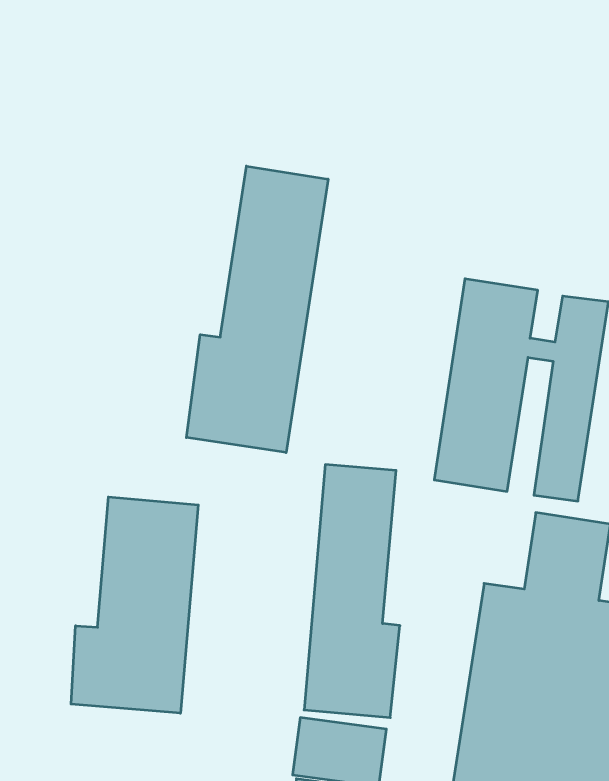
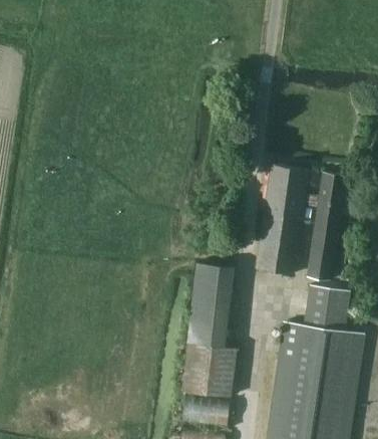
building: [186,166,328,453] -> none
building: [71,497,198,713] -> none

